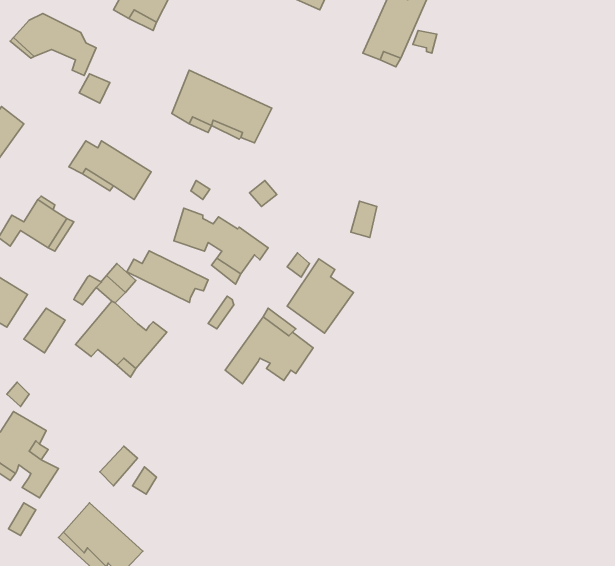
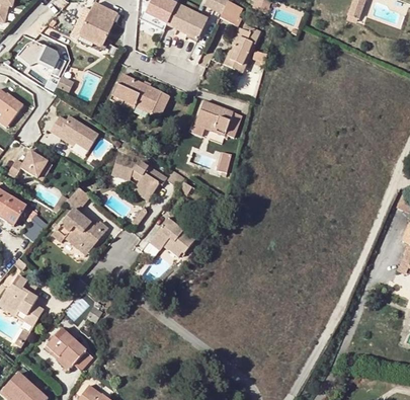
building: none -> [191,100,241,137]
building: [127,251,208,302] -> none
building: [287,259,353,333] -> none

